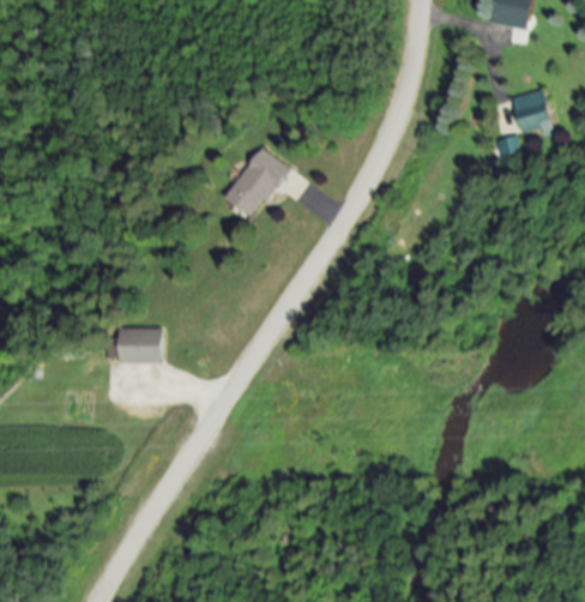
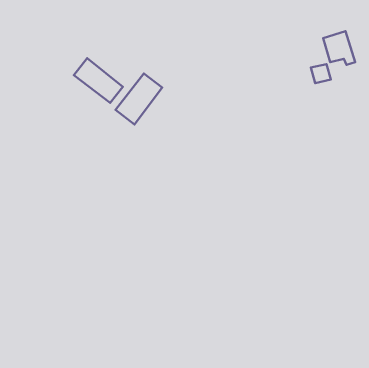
building: none -> [74,58,123,103]
building: [117,327,159,362] -> none

